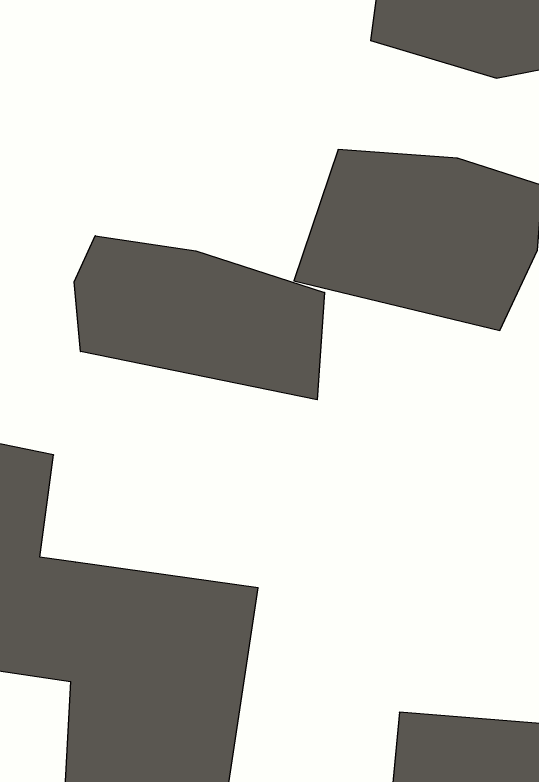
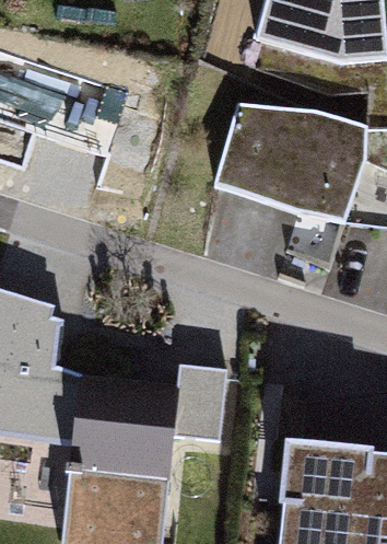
building: [74,236,325,400] -> none

